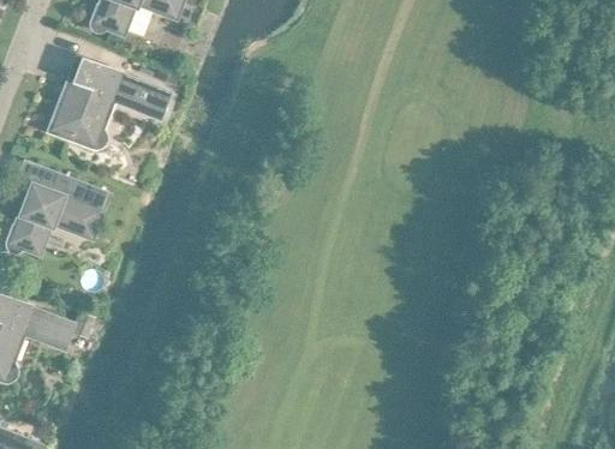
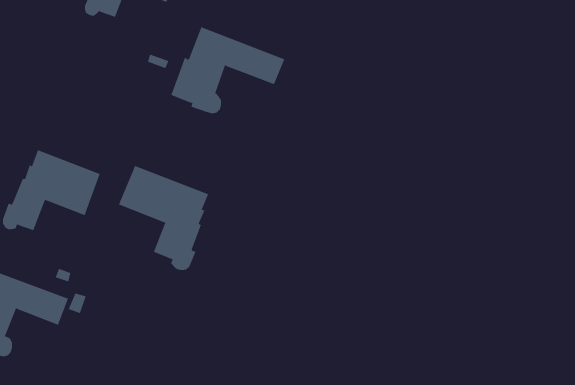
building: [52,59,169,149] -> [171,26,285,114]
building: none -> [118,165,209,271]

